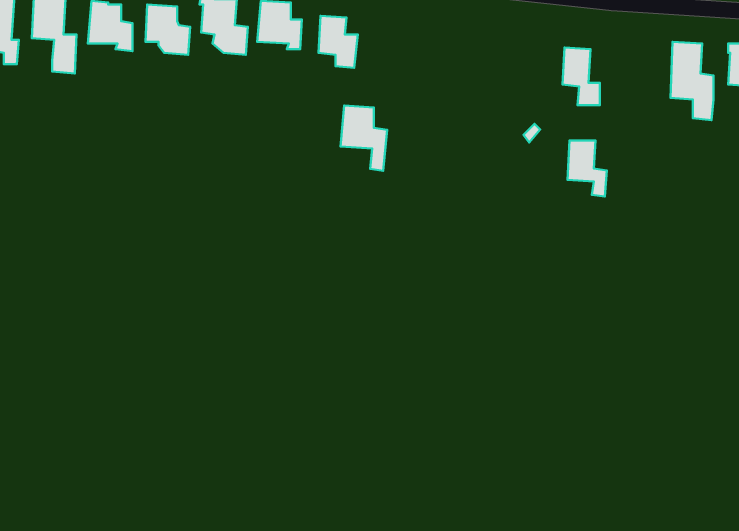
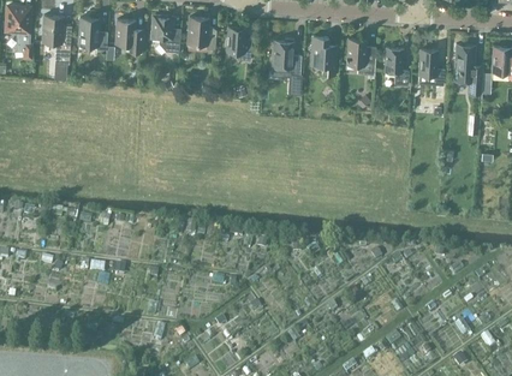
building: none -> [306,36,335,74]
building: none -> [345,40,375,76]
building: [340,106,387,171] -> [270,41,300,83]
building: [568,141,607,197] -> [418,50,443,86]

